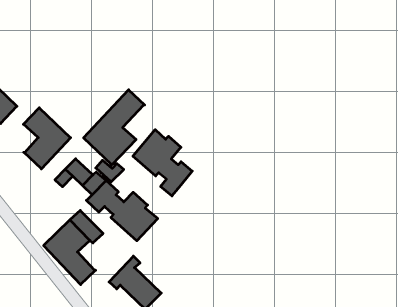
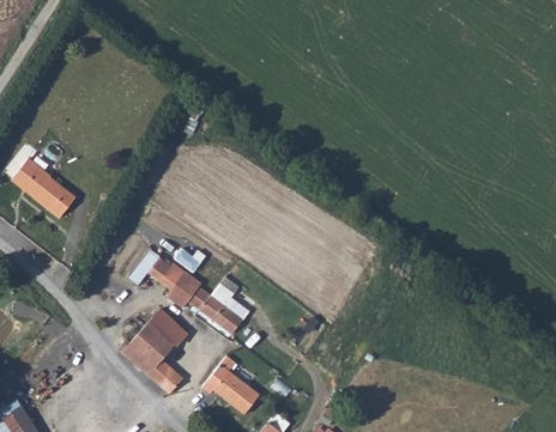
building: [84,90,145,165] -> none
building: [23,108,71,169] -> none
building: [133,130,192,196] -> none

